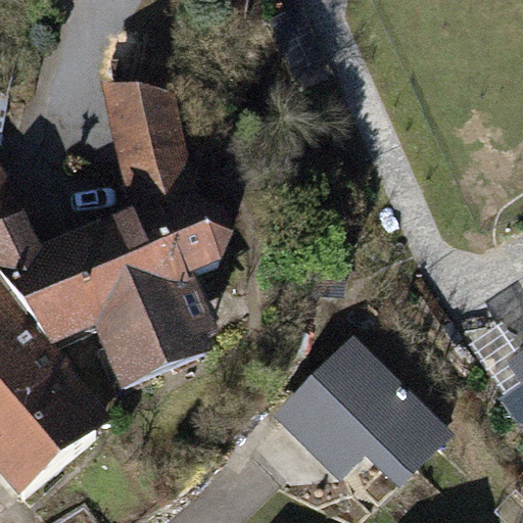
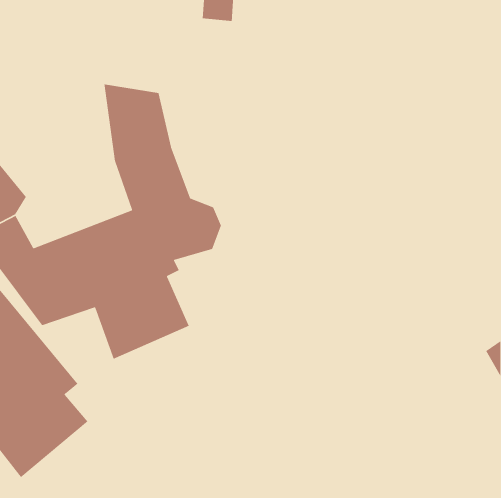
building: [272,333,453,489] -> none

